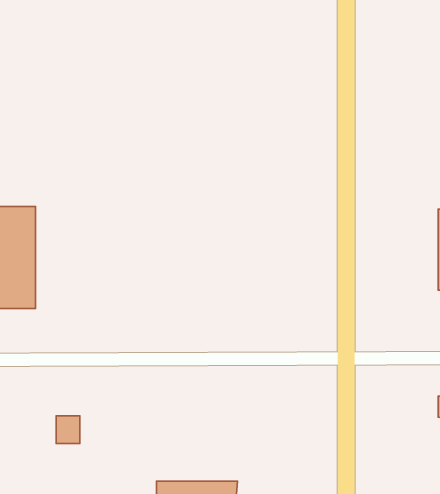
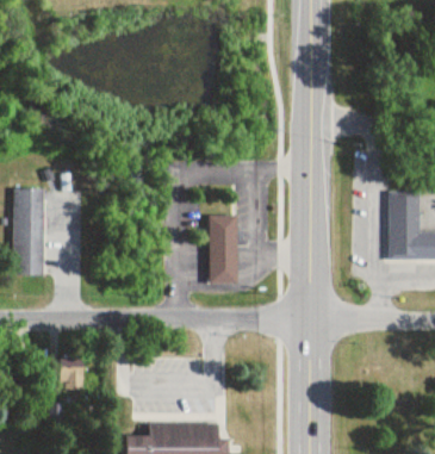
building: none -> [210,213,237,282]

